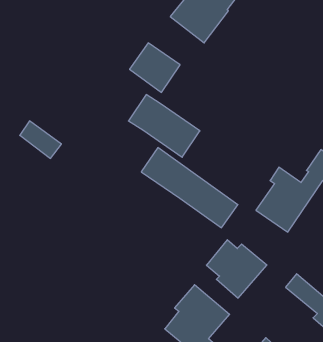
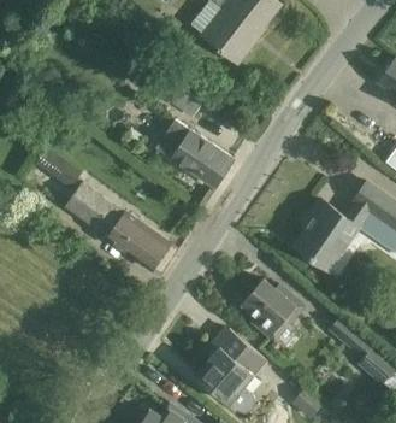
building: [141,148,238,228] -> [65,182,171,270]

